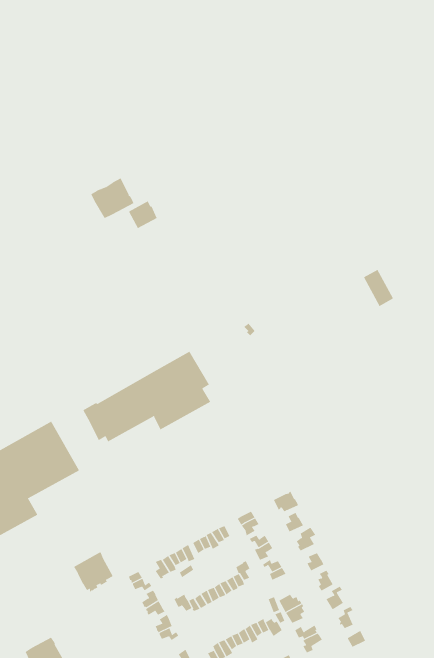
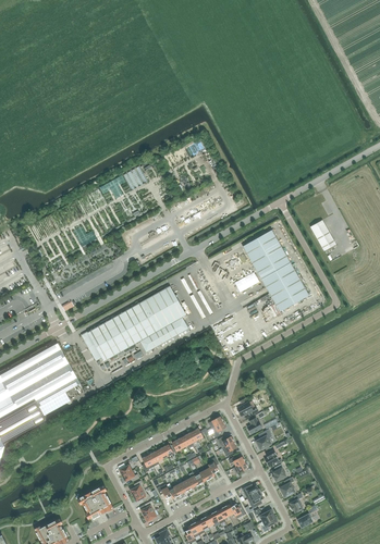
building: [90,177,134,219] -> none
building: none -> [243,231,309,312]
building: [73,552,113,592] -> [79,486,112,519]

